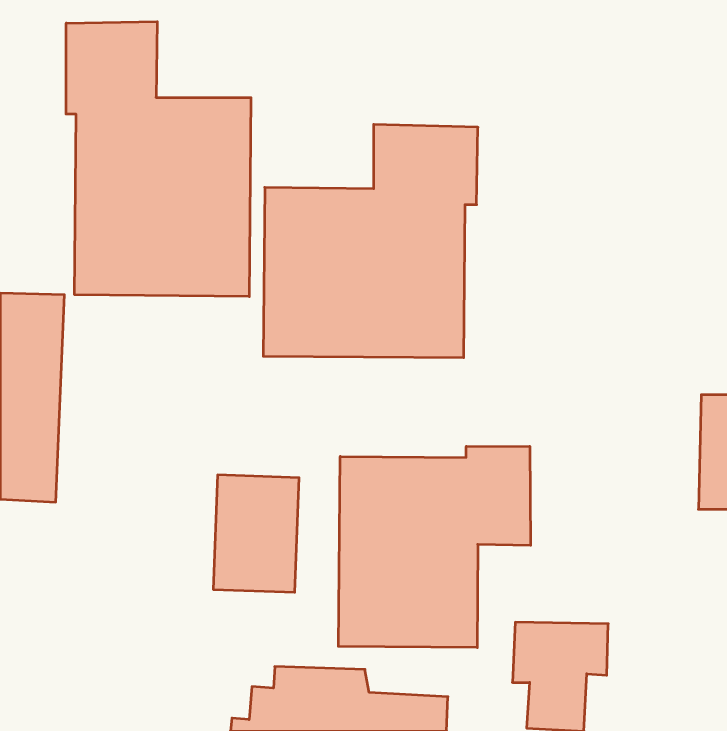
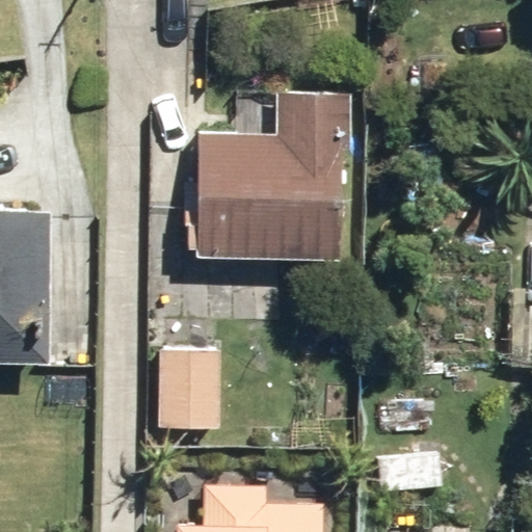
building: [66,22,251,297] -> none
building: [338,446,531,648] -> none

